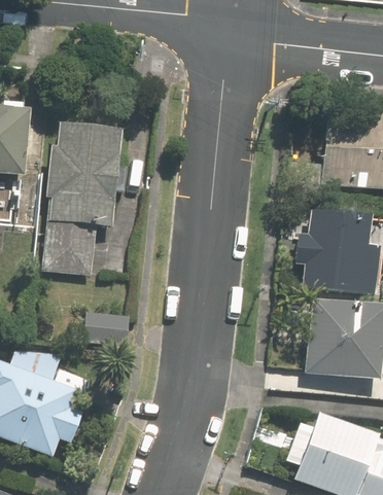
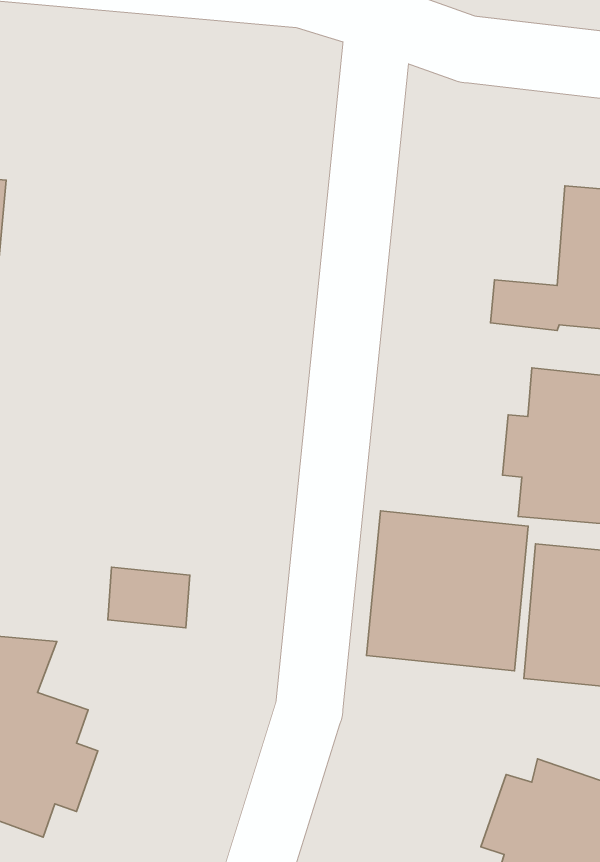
building: [42,126,123,274] -> none
building: none -> [367,511,528,671]

